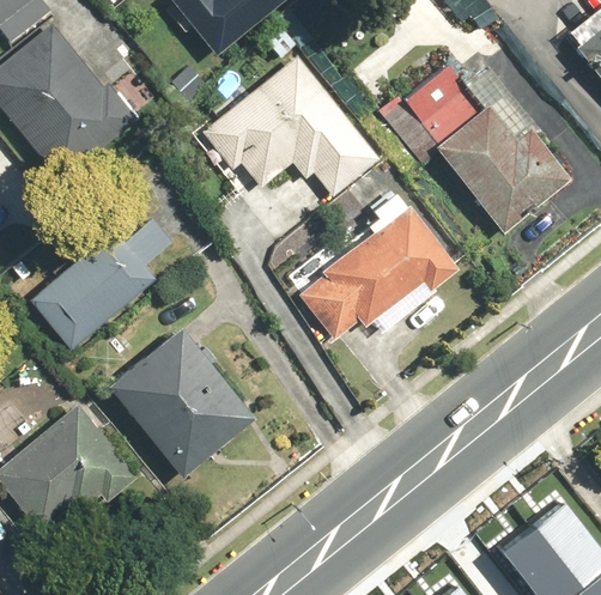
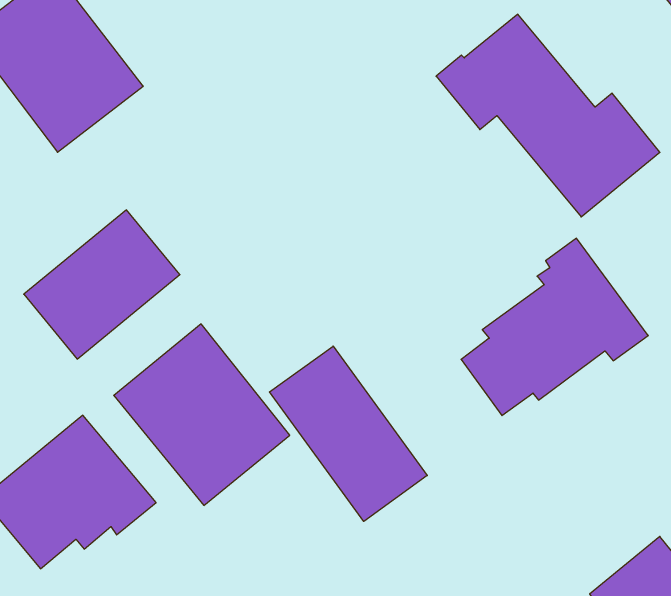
building: [202,54,380,194] -> none
building: [300,189,460,340] -> [461,238,648,416]
building: none -> [269,346,427,521]

